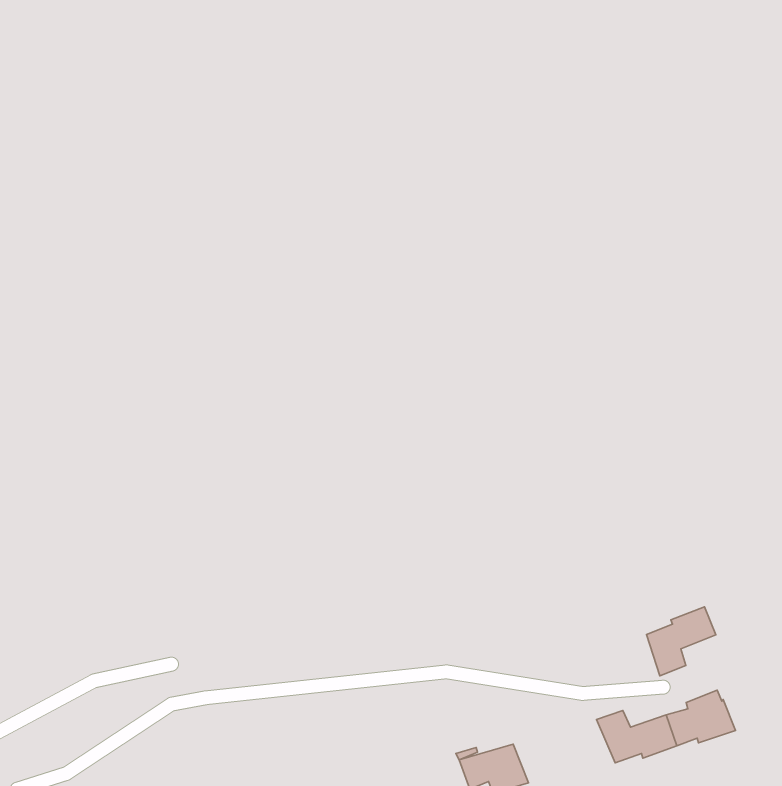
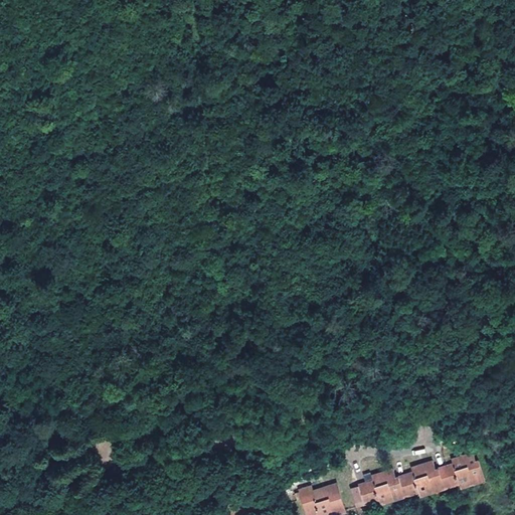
building: [647,607,716,676] -> none
building: none -> [357,471,400,505]

